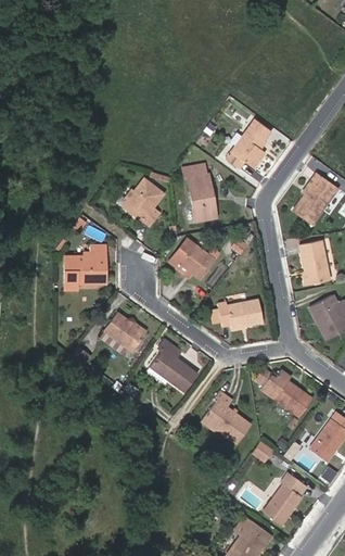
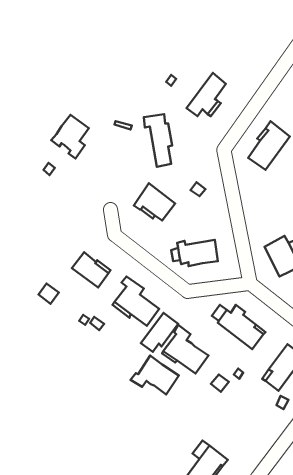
building: [123,179,163,226] -> [51,115,89,159]
building: [299,241,329,285] -> none
building: [64,252,105,290] -> none
building: none -> [141,313,178,352]
building: none -> [131,355,179,395]
building: [263,473,304,525] -> none

